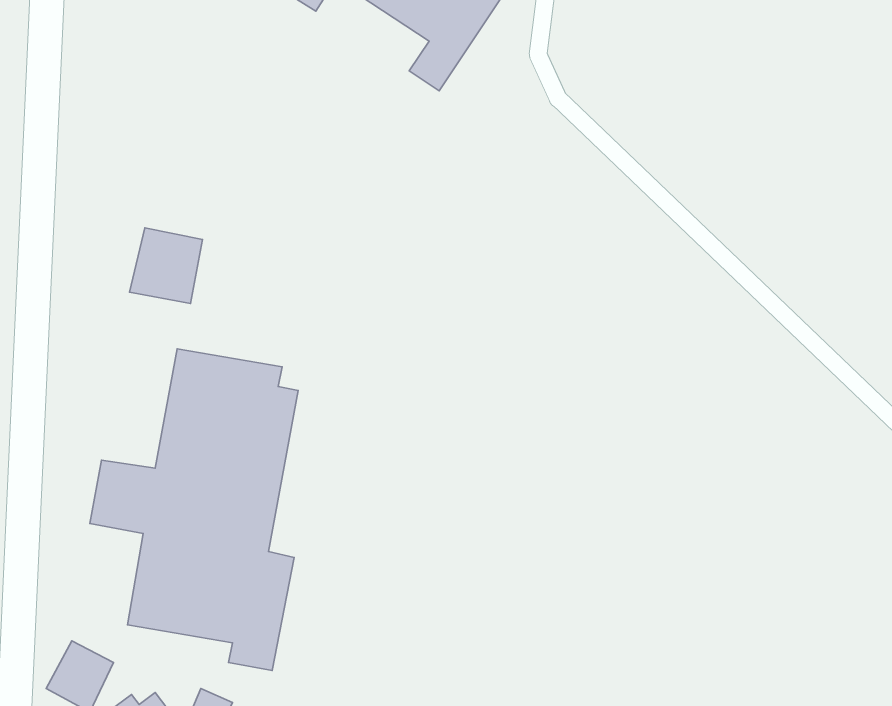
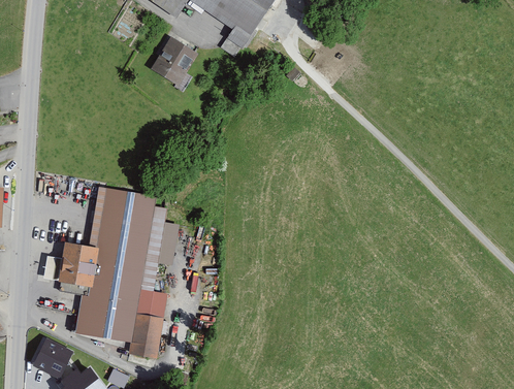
building: none -> [155,39,195,80]
building: [130,228,202,303] -> none

